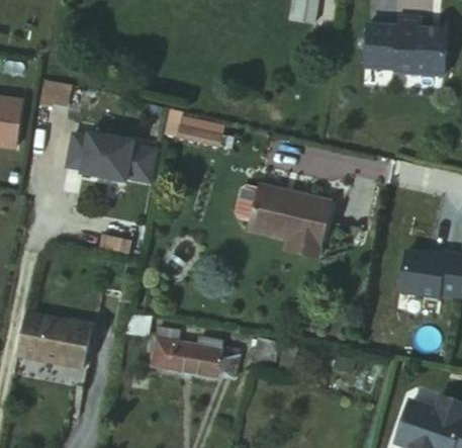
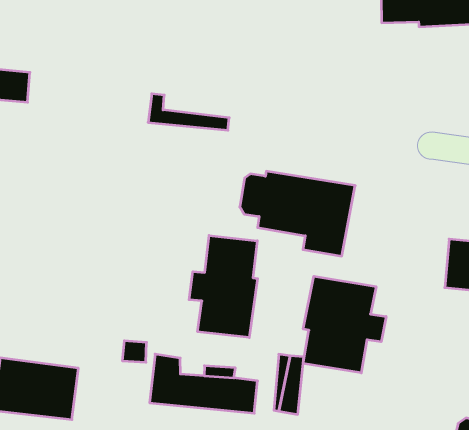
building: [69,133,160,183] -> none
building: none -> [189,235,258,338]
building: none -> [303,276,386,373]

